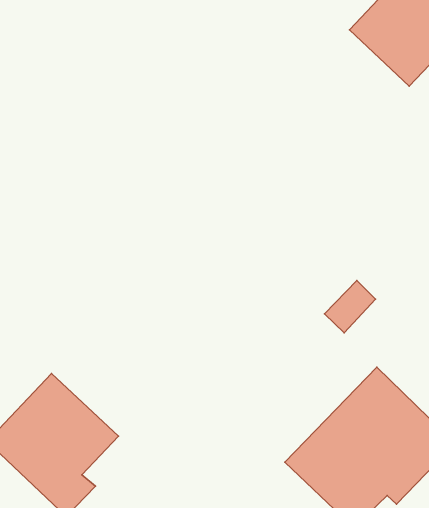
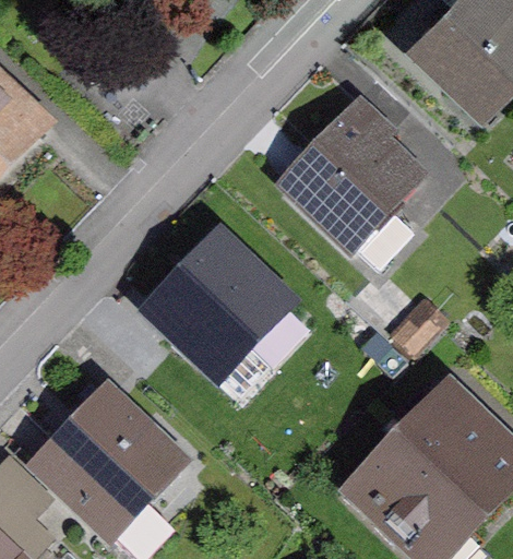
building: none -> [286,105,415,260]
building: none -> [154,240,285,376]

